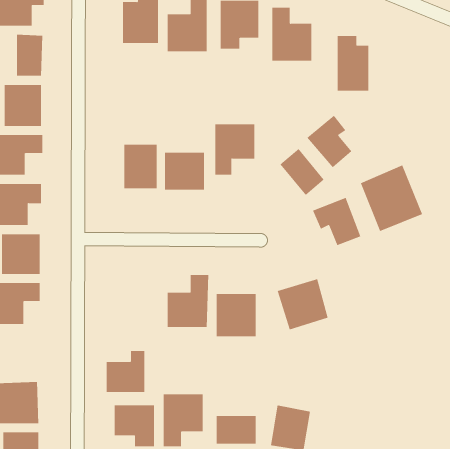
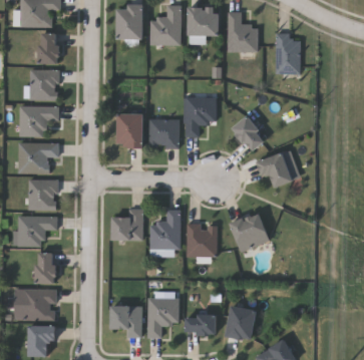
building: [307,115,352,168] -> none
building: [360,164,423,232] -> none
building: none -> [36,252,55,283]
building: [106,351,145,393] -> [112,208,141,239]

